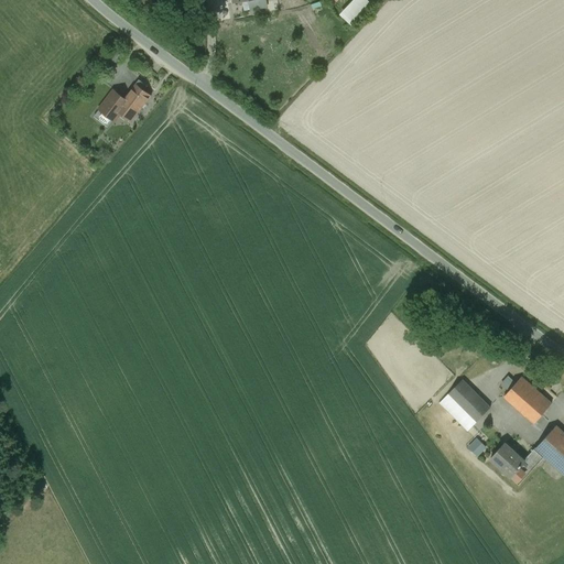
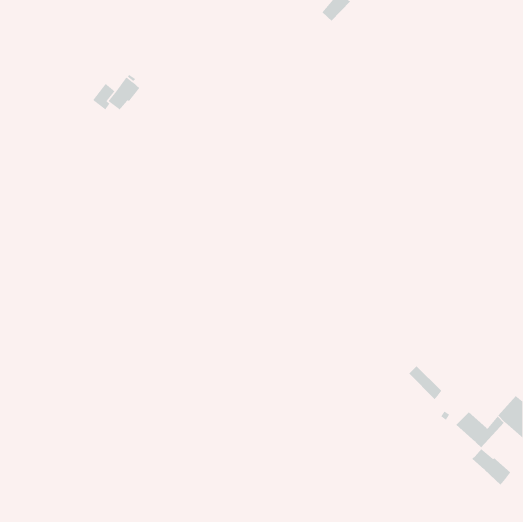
building: [503,376,552,422] -> none
building: [448,379,490,421] -> none
building: none -> [471,448,511,485]

